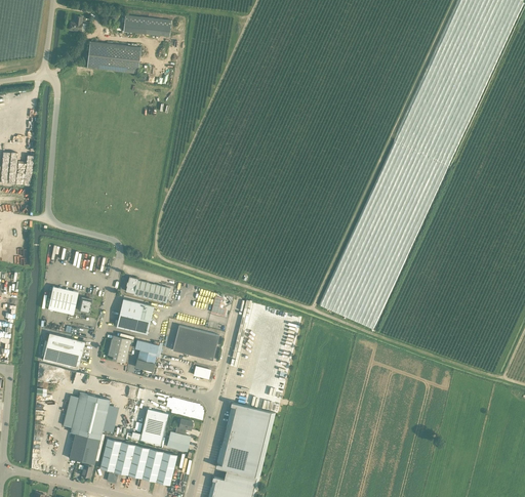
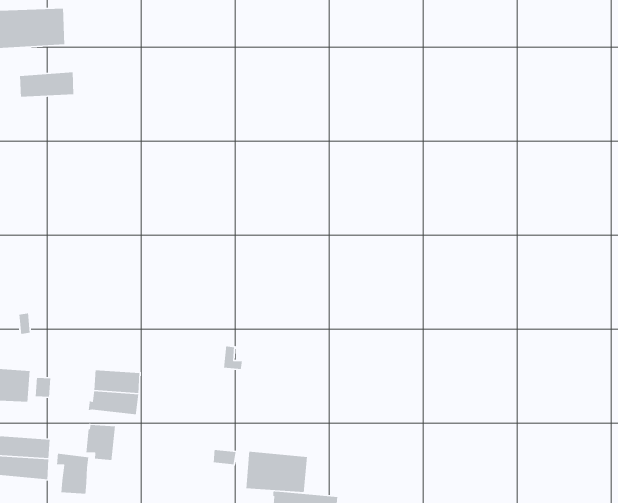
building: none -> [19,72,74,97]
building: [125,277,169,302] -> none
building: [172,325,218,360] -> [246,451,308,493]
building: [134,339,158,371] -> [56,453,89,495]

